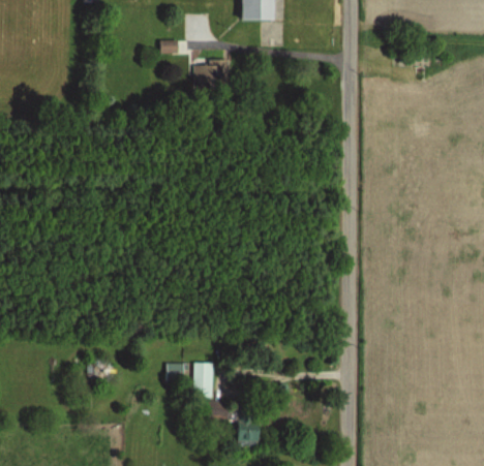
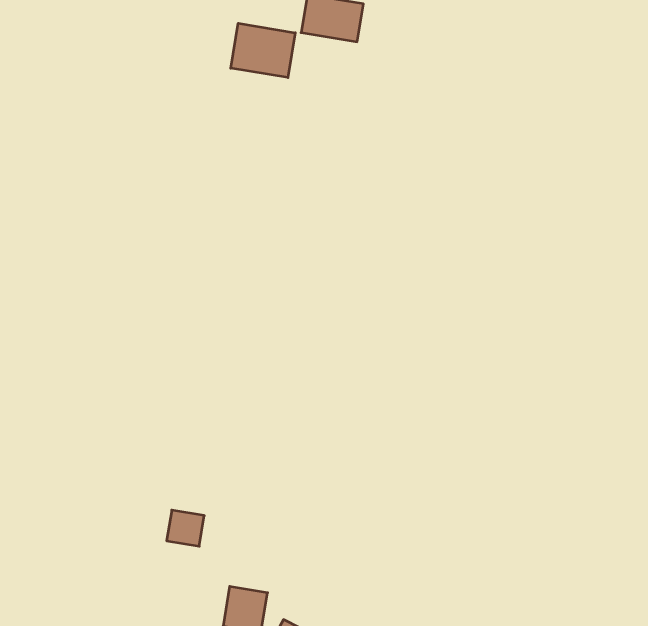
building: none -> [231,23,295,78]
building: [195,362,215,397] -> none

